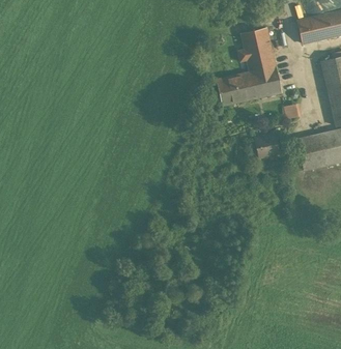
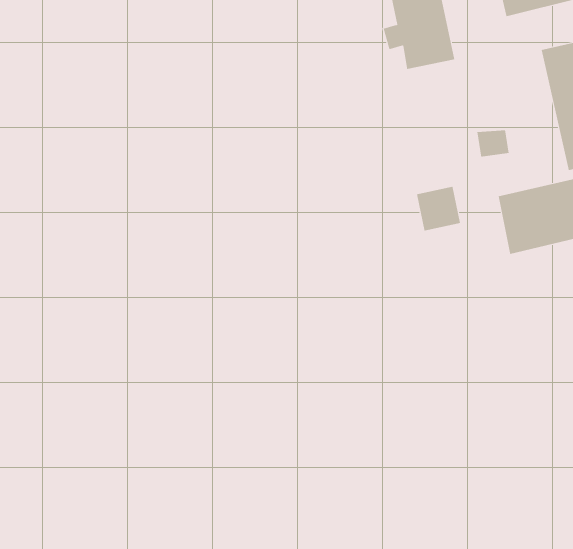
building: [218,66,282,106] -> none

